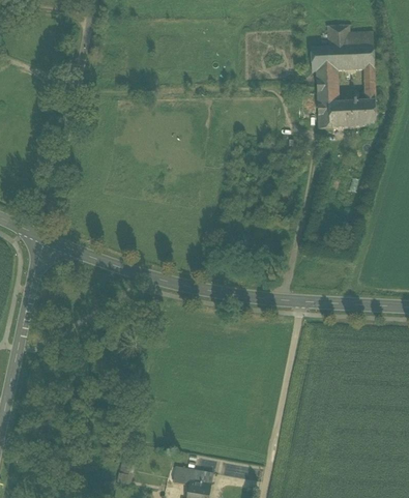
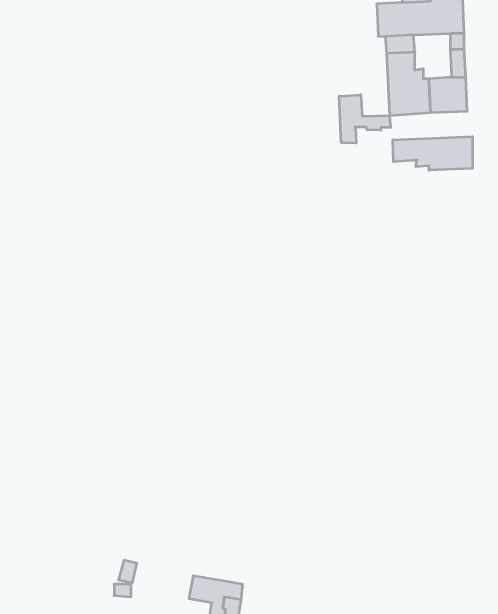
building: none -> [339,95,391,143]
building: none -> [393,137,472,170]

